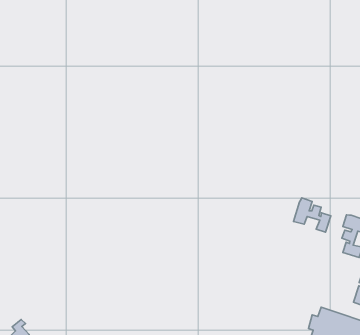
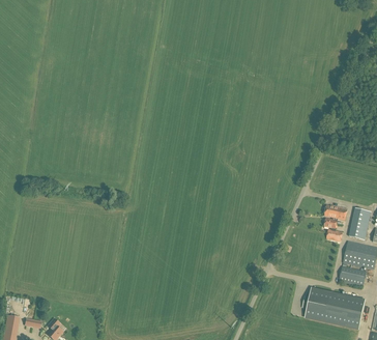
building: [293,198,331,232] -> none

